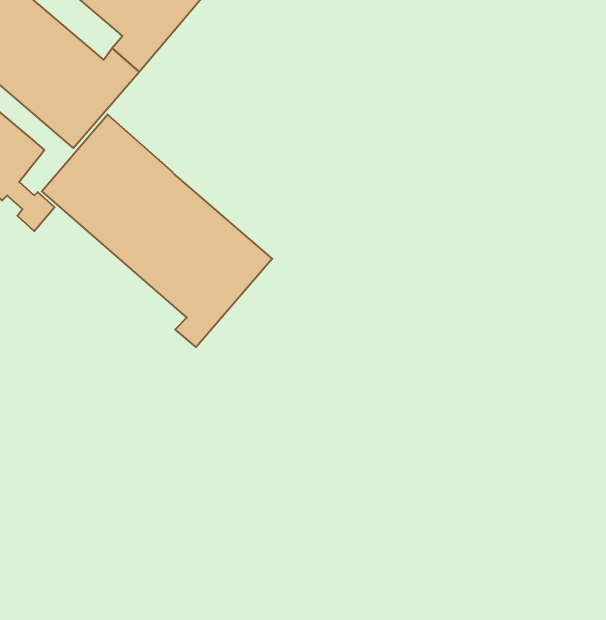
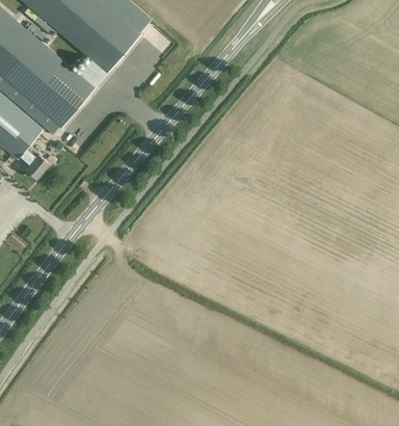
building: [42,114,272,347] -> none

